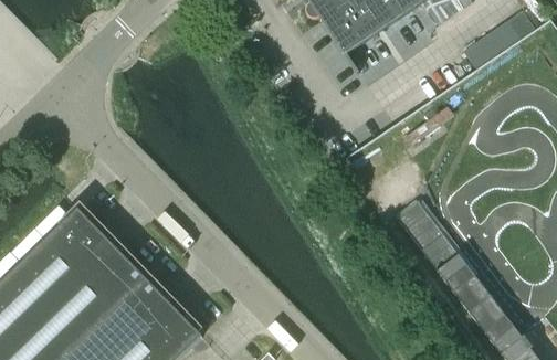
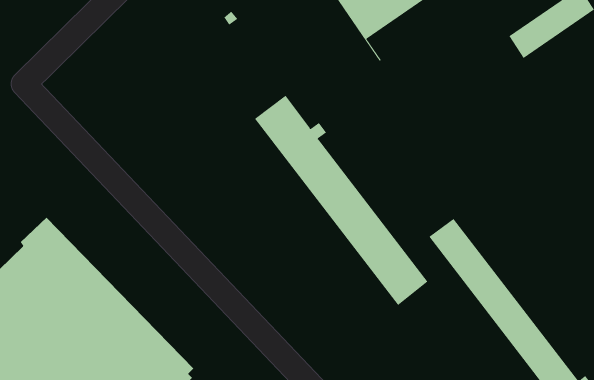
building: none -> [254,95,428,306]

